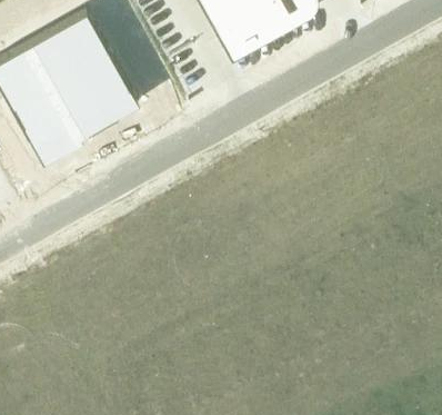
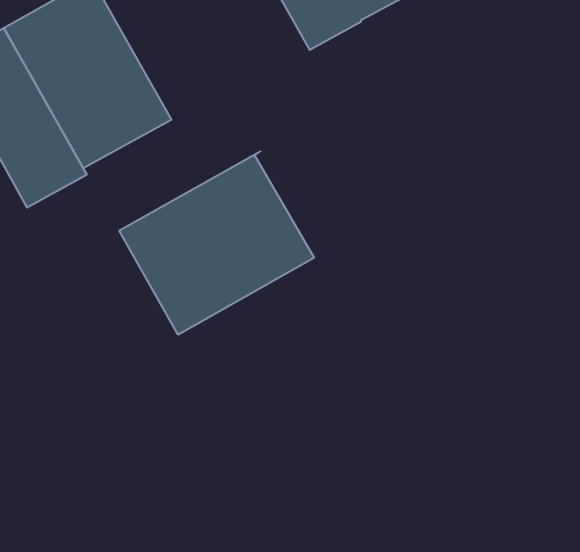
building: none -> [119,151,314,335]

